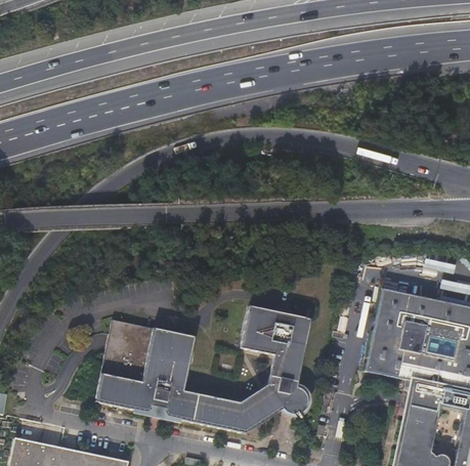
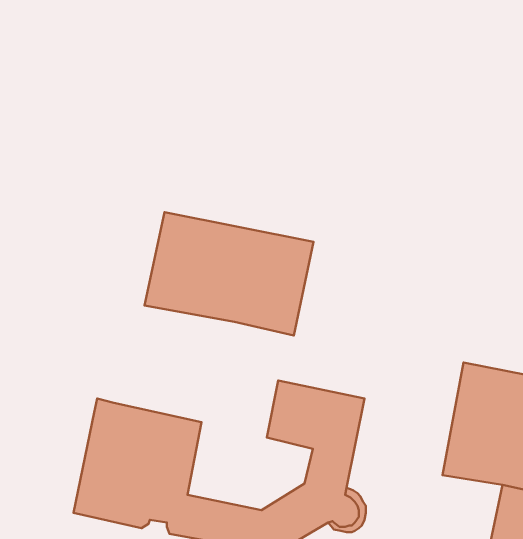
building: none -> [145,212,314,335]

